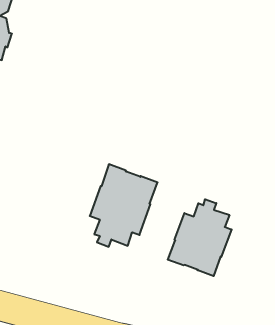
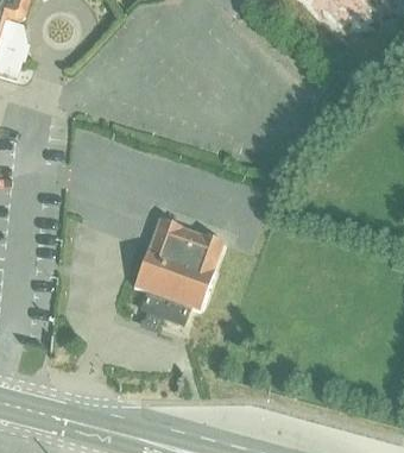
building: [168,199,232,276] -> none

